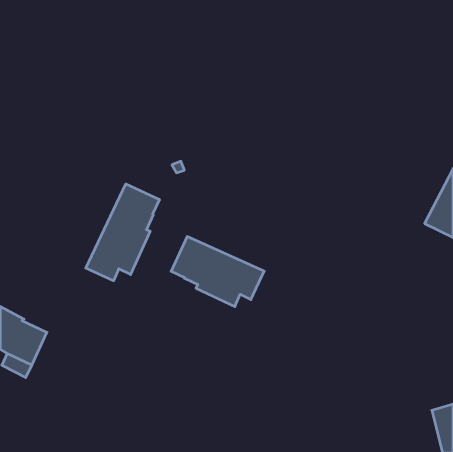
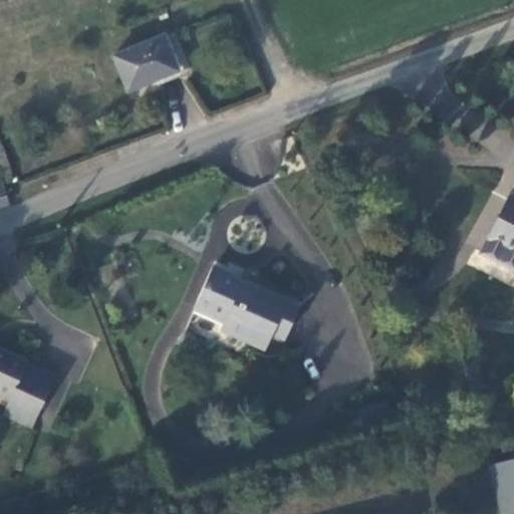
building: none -> [115,36,180,91]
building: [86,184,159,281] -> none

